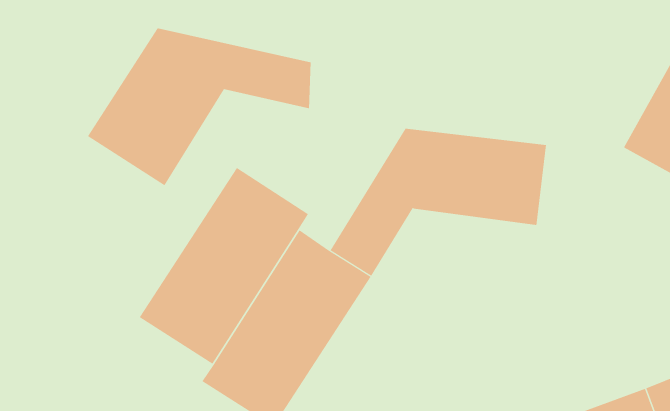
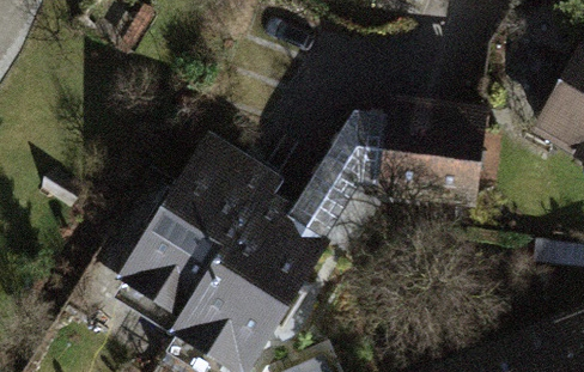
building: [87,28,311,186] -> none

